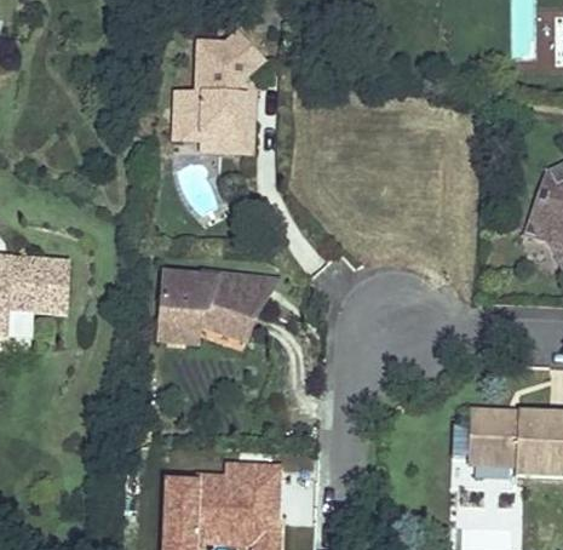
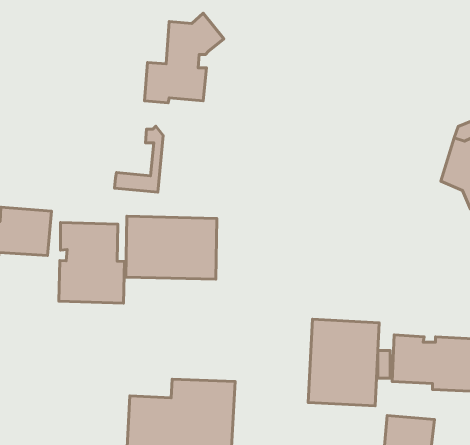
building: [205,75,262,153] -> [114,126,163,192]
building: none -> [59,223,125,303]
building: none -> [308,319,379,406]

